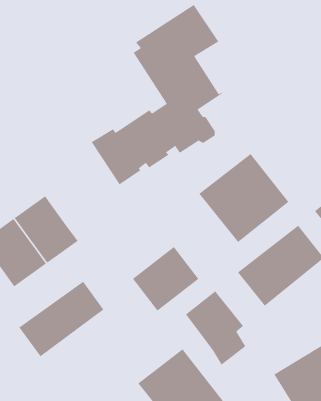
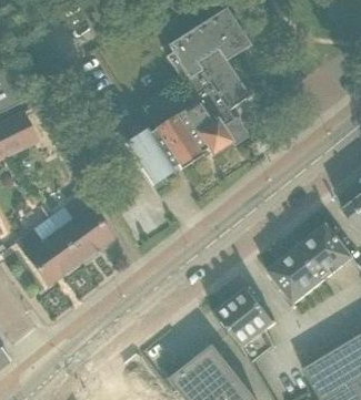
building: [199,153,289,243] -> none
building: [132,246,199,312] -> none
building: [19,281,104,357] -> none

